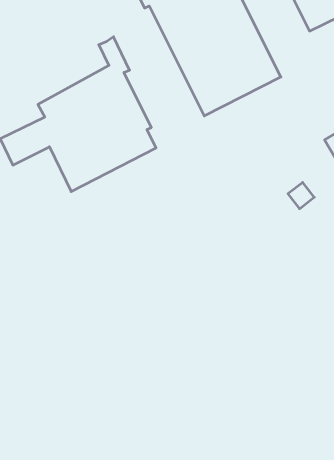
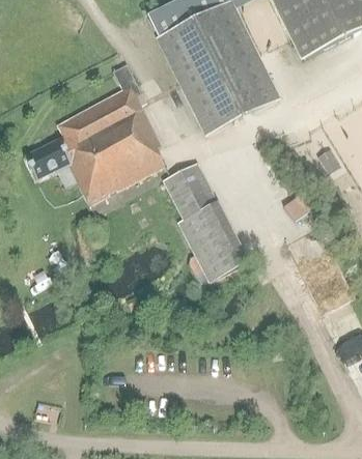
building: none -> [163,162,247,282]

